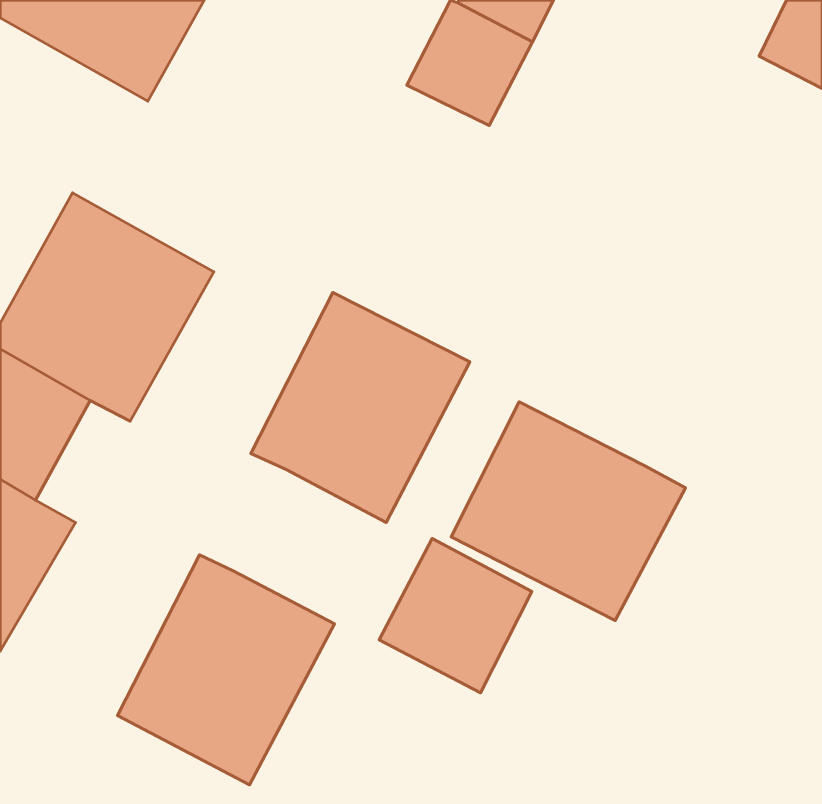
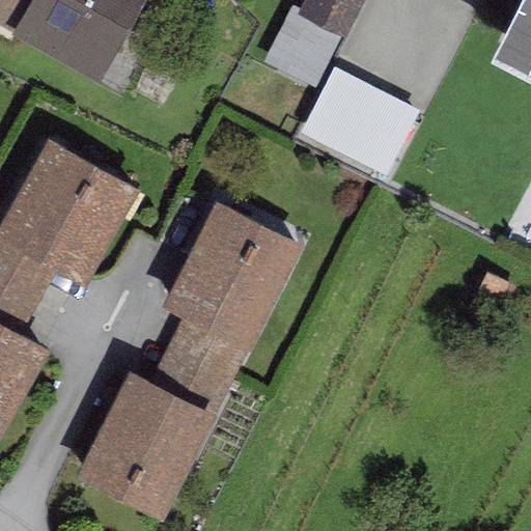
building: none -> [305,76,421,184]
building: [451,402,686,620] -> none
building: [379,539,532,693] -> [150,314,249,414]

